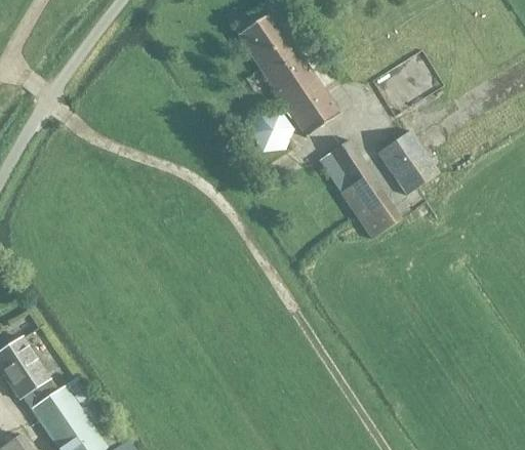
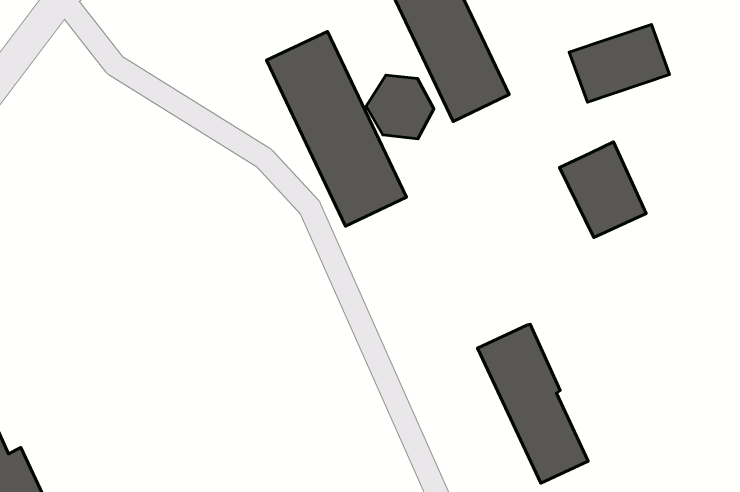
building: none -> [267,31,406,226]
building: [318,140,399,240] -> [478,324,588,483]

